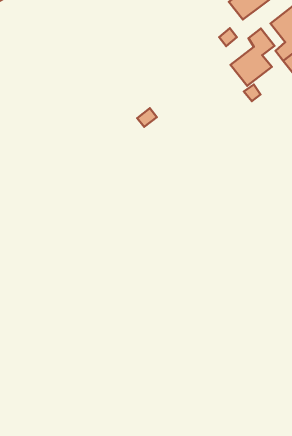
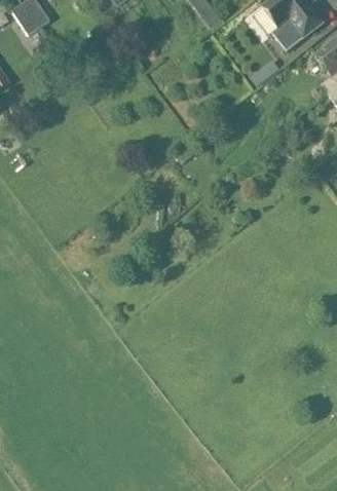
building: [231,29,274,86] -> none

